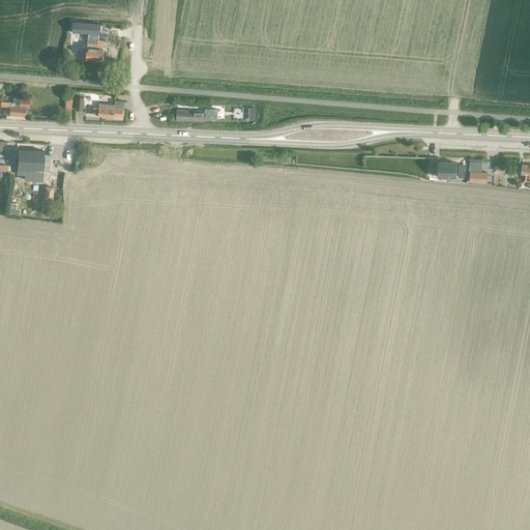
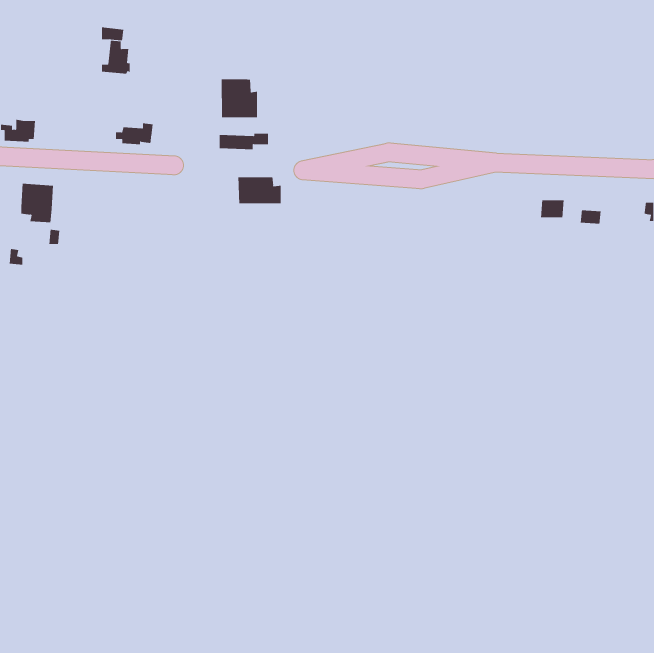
building: none -> [221,78,257,118]
building: none -> [238,176,281,204]

